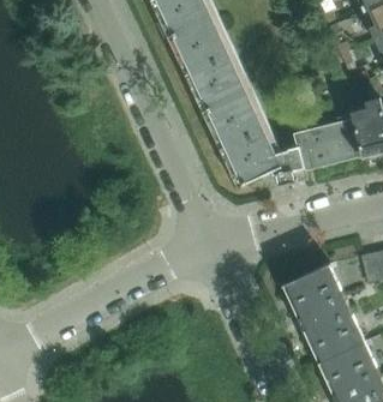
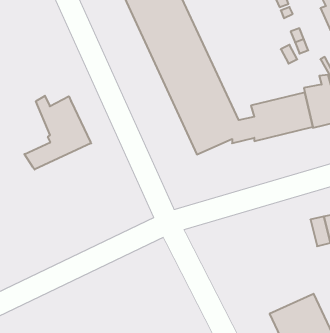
building: none -> [24,96,91,170]
building: [281,263,361,358] -> none

